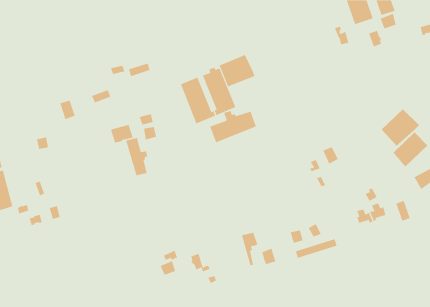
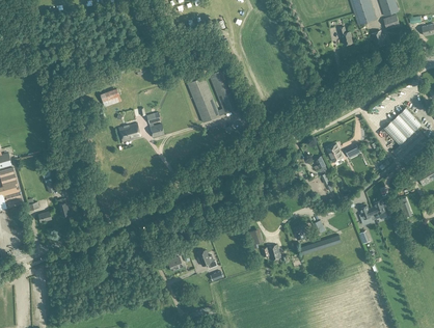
building: [219,54,255,87] -> none
building: [210,110,256,143] -> none
building: [125,137,148,176] -> none

